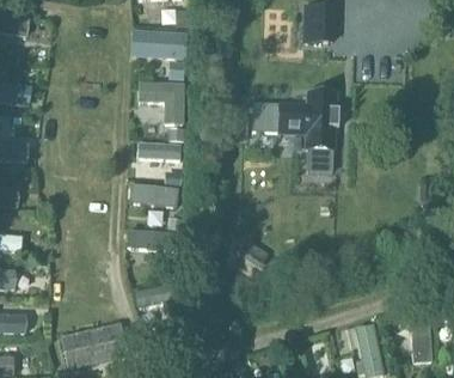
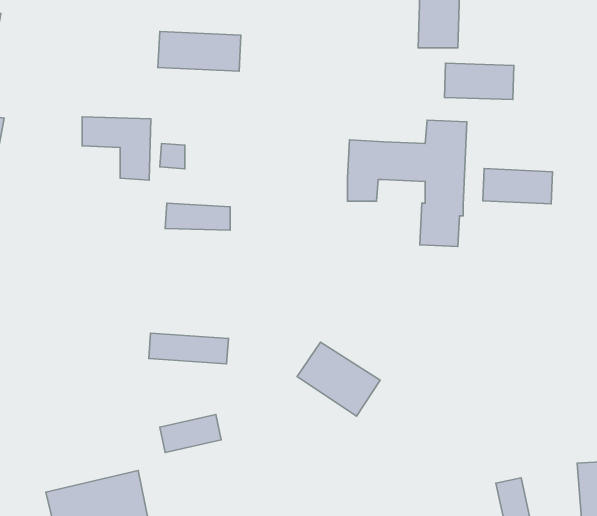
building: none -> [444,63,514,100]
building: [140,83,185,124] -> [82,117,151,180]
building: none -> [483,169,552,204]
building: [129,184,179,208] -> none

